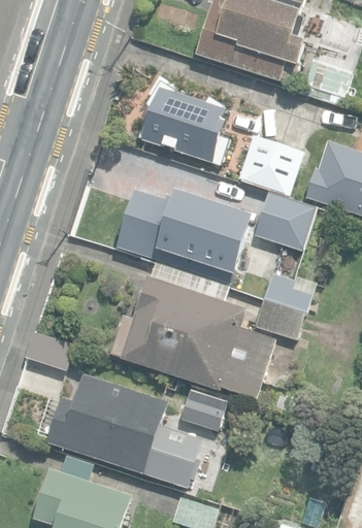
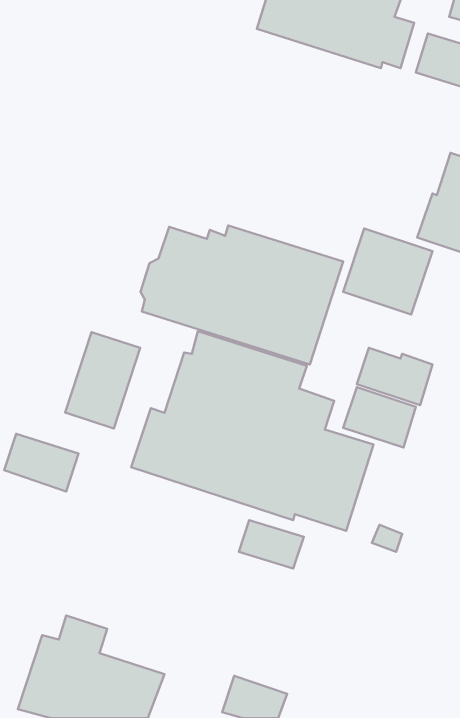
building: [137,75,230,166] -> none
building: [238,135,304,197] -> none
building: none -> [65,332,140,429]
building: [46,374,205,490] -> none

